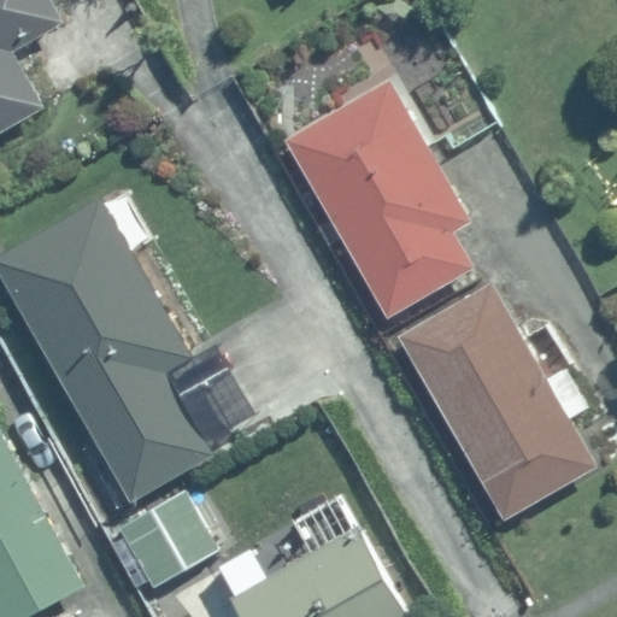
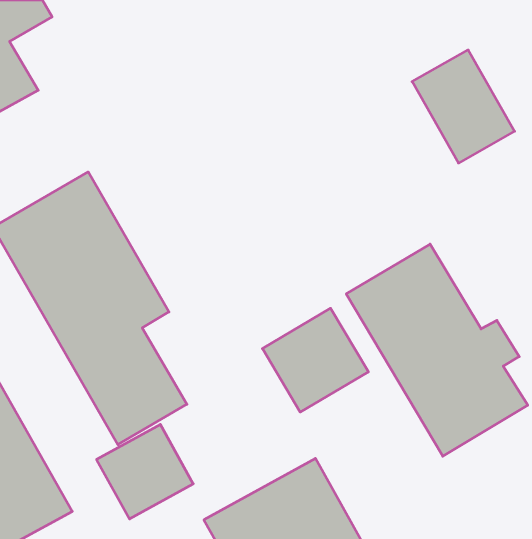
building: none -> [412,50,515,163]
building: [280,74,477,321] -> none
building: none -> [262,308,368,412]

